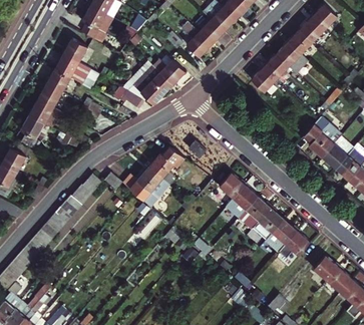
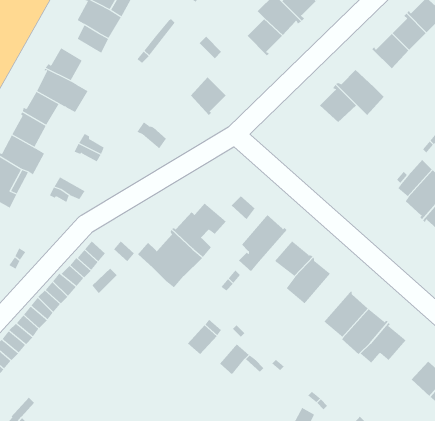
building: [187,25,214,56] -> none
building: [275,40,307,73] -> none
building: [132,65,173,105] -> none
building: [238,196,272,236] -> [238,214,288,272]

